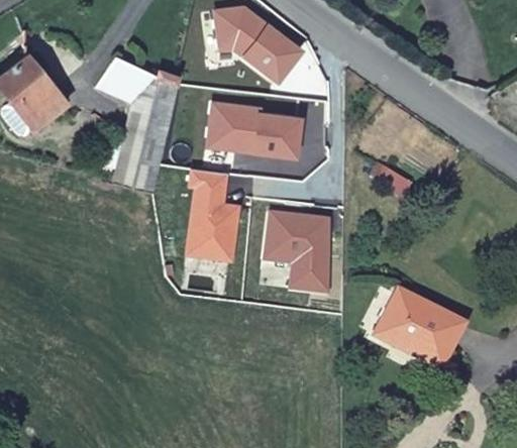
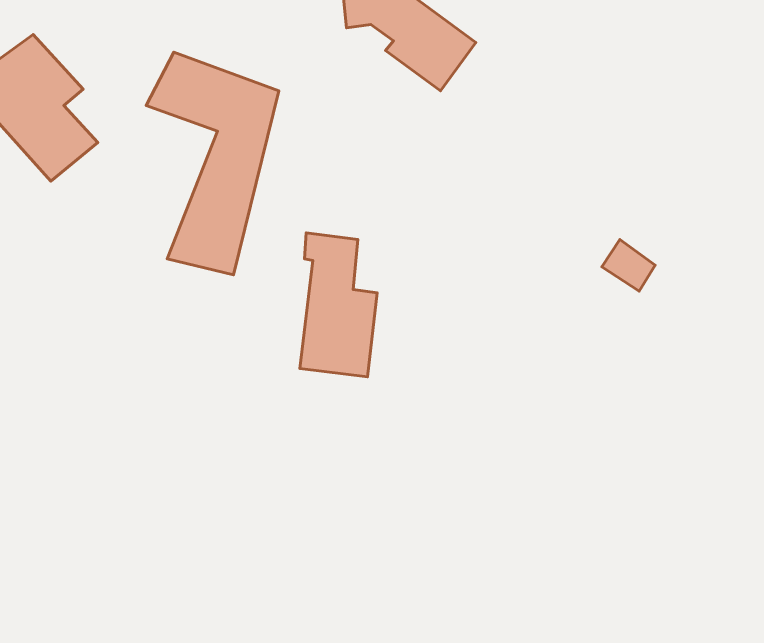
building: [210,103,300,155] -> none
building: [268,213,328,290] -> none
building: [377,301,460,370] -> none

